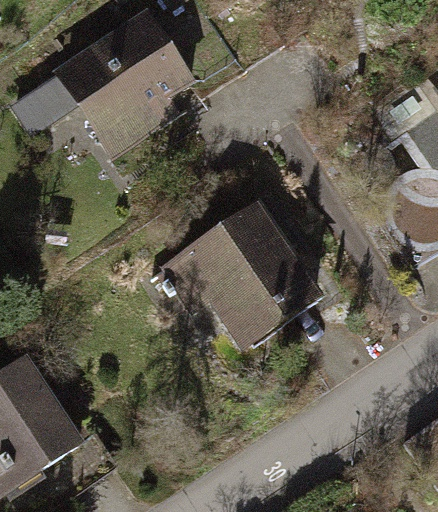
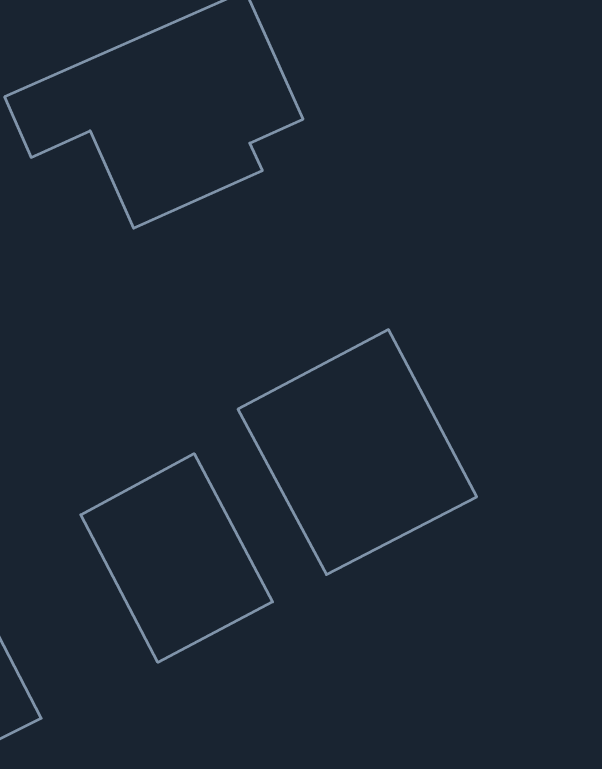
building: none -> [81,454,273,662]

